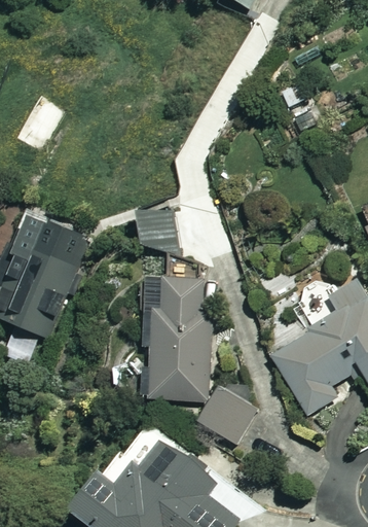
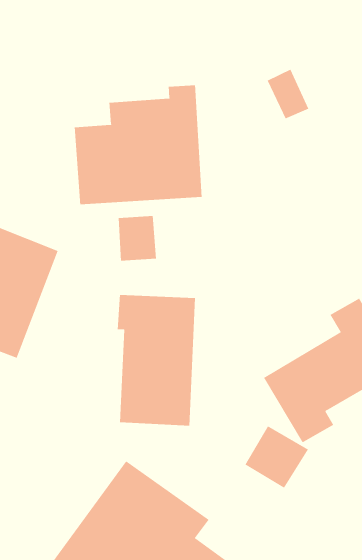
building: none -> [74,84,202,205]
building: [200,388,258,445] -> [245,426,309,489]

